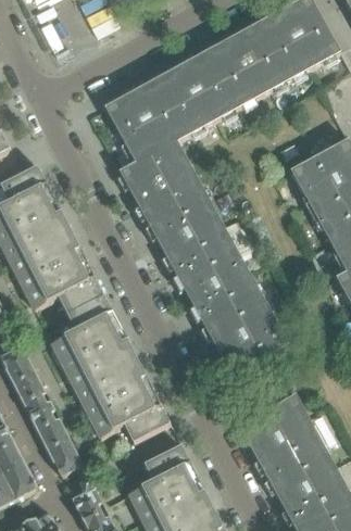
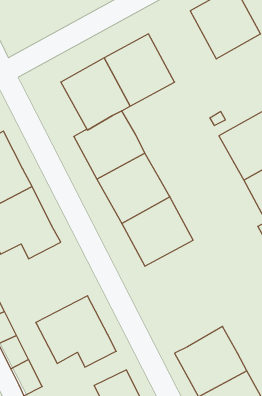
building: [208,23,287,106] -> none
building: [203,292,288,374] -> none
building: [51,294,136,389] -> none

